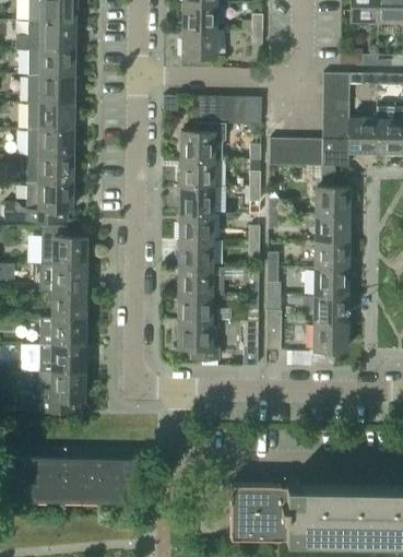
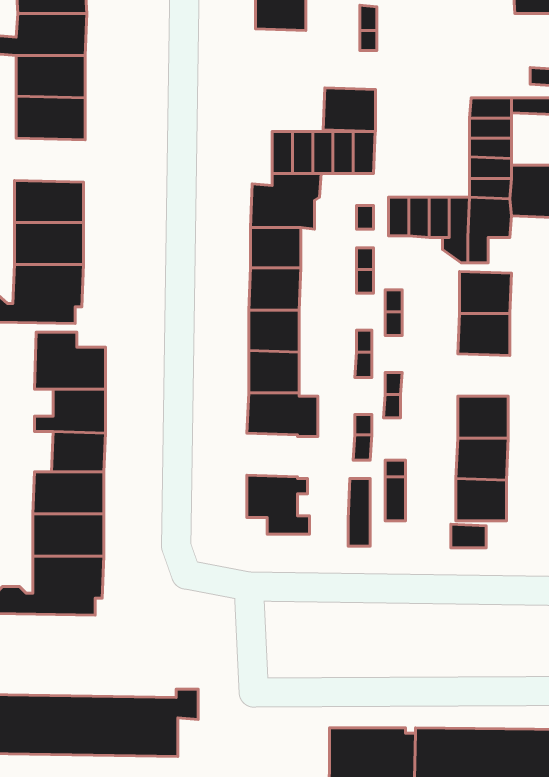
building: [183,31,217,59] -> [323,88,375,131]
building: [28,102,74,130] -> none
building: [316,241,349,269] -> none
building: [179,293,212,321] -> none

